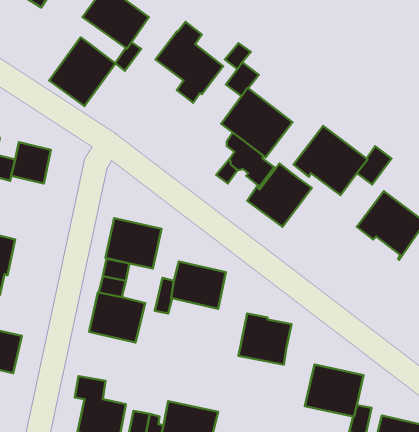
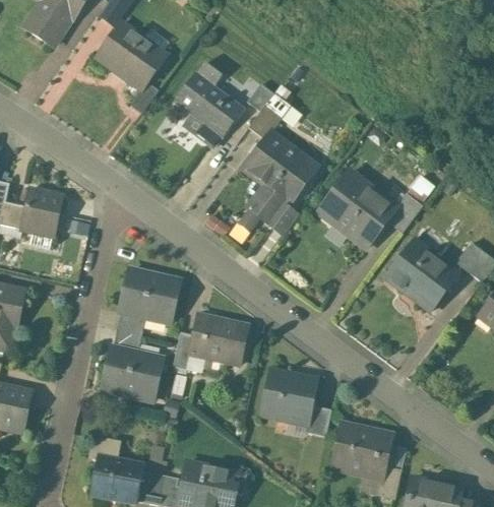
building: [49,38,116,106] -> none
building: [247,164,312,227] -> none
building: none -> [305,405,330,437]

